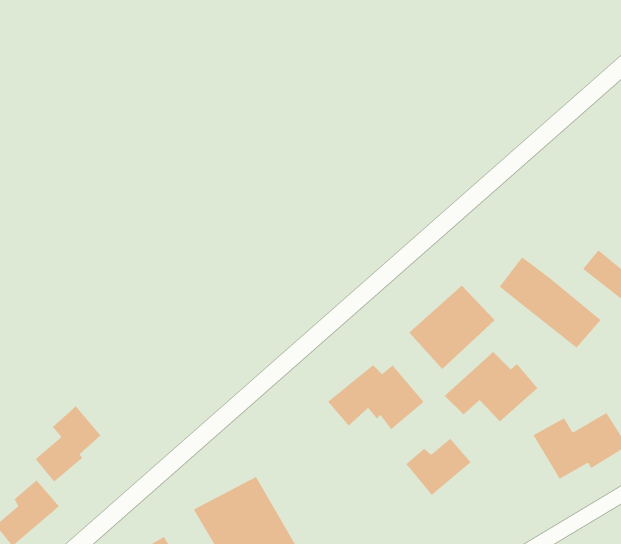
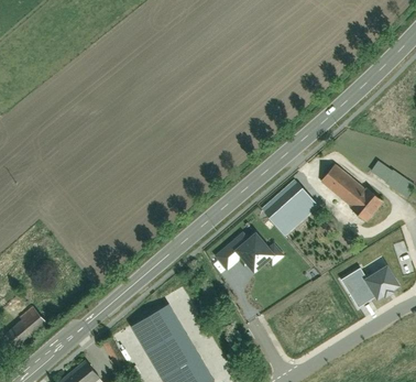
building: [444,351,538,422] -> none
building: [35,406,101,483] -> none
building: [405,438,471,496] -> none

